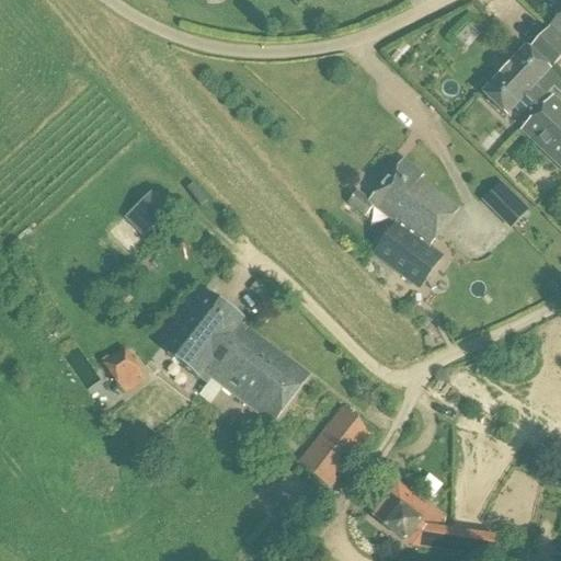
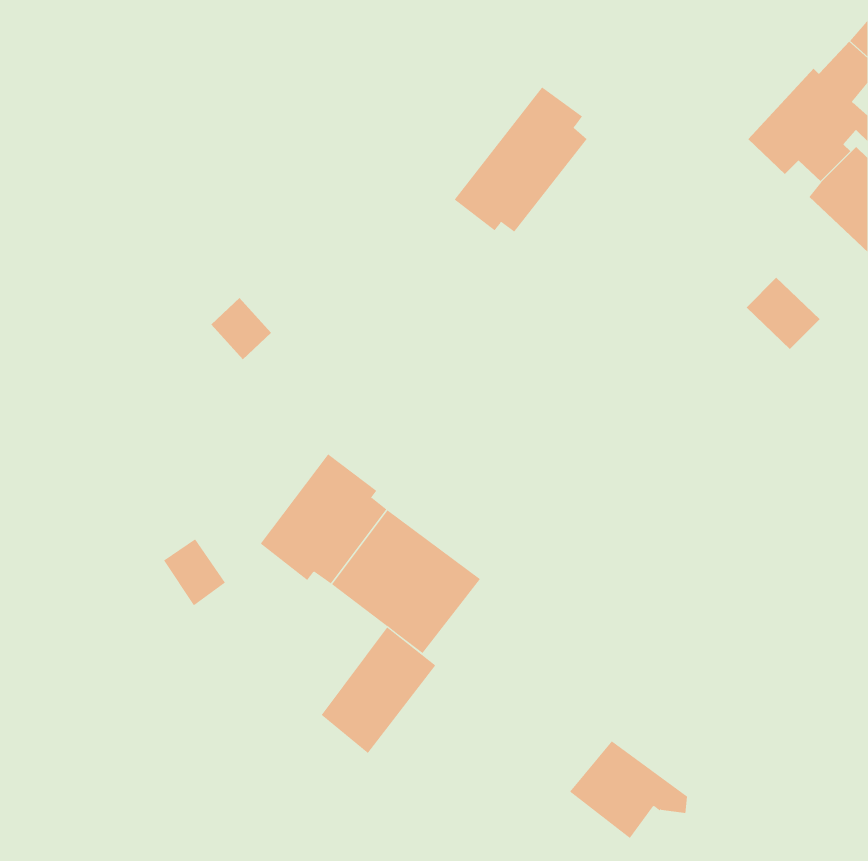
building: none -> [454,86,587,232]
building: [347,157,459,287] -> none
building: [299,407,374,489] -> [321,626,436,754]

